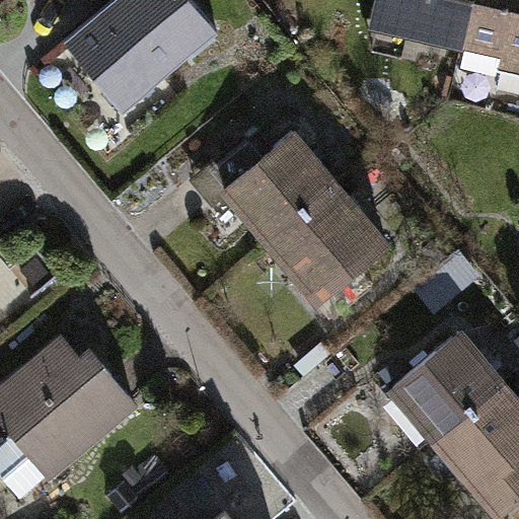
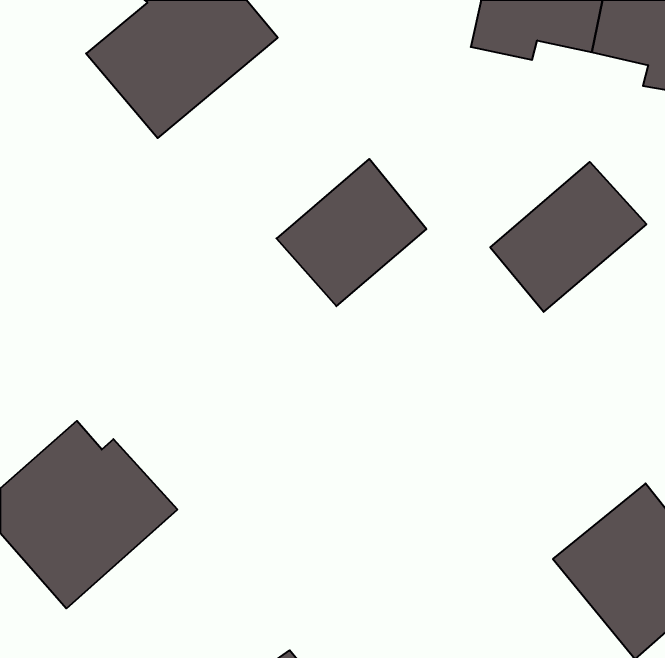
building: none -> [490,162,646,312]
building: [263,184,378,311] -> none
building: [385,326,503,441] -> none

